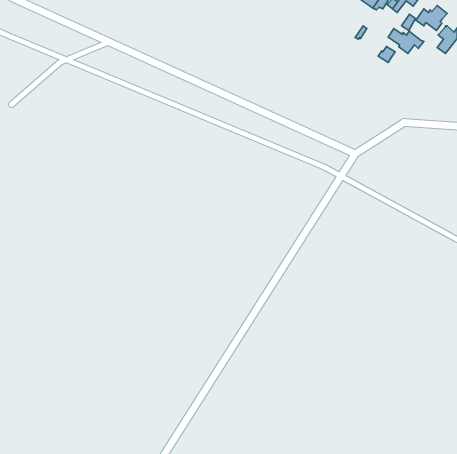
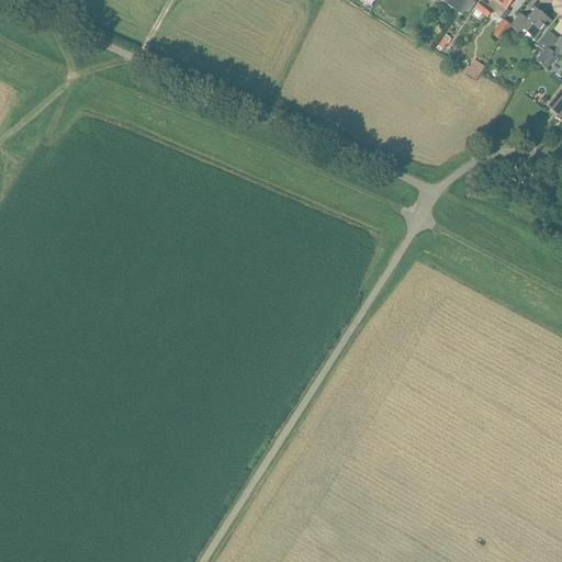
building: [388,28,424,54] -> none

